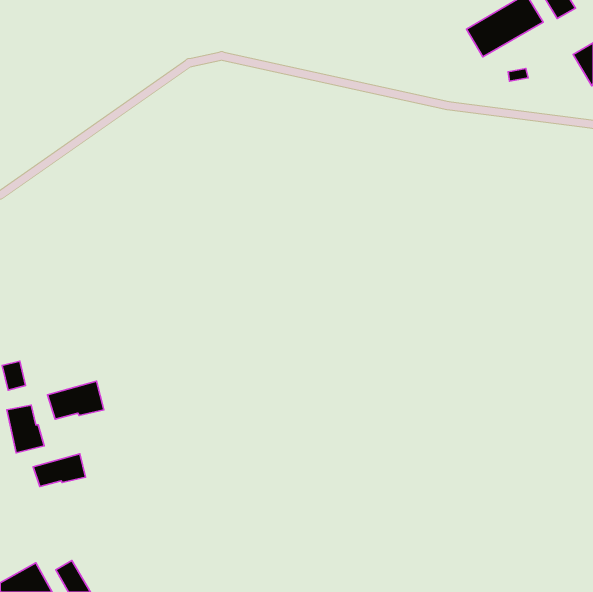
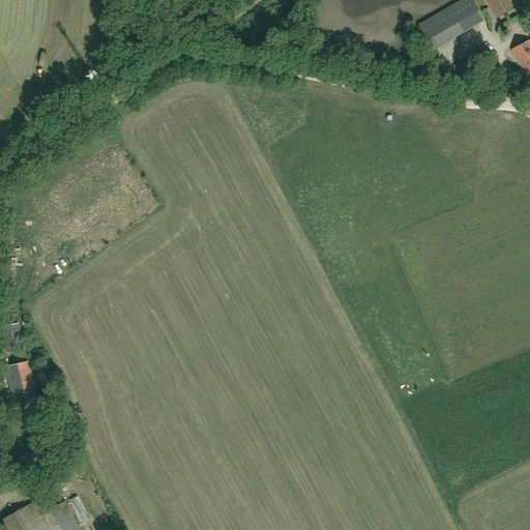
building: [47,381,104,419] -> none
building: [33,454,85,486] -> none

